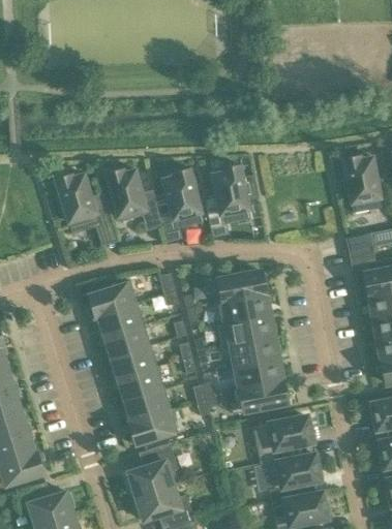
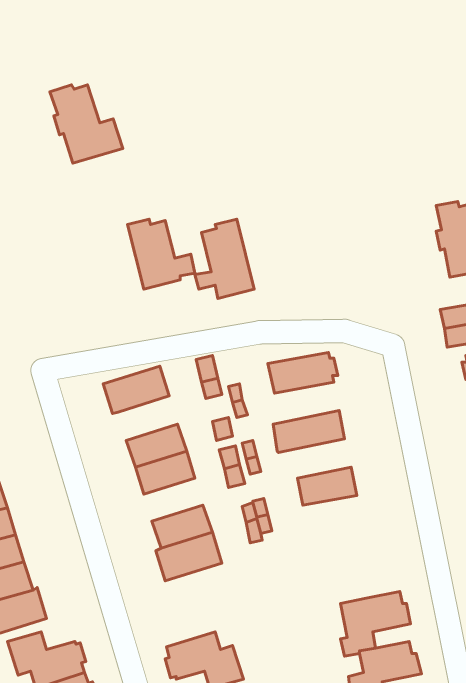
building: [207,164,250,224] -> none
building: [55,174,111,234] -> [50,85,123,163]
building: [219,293,269,324] -> none
building: [99,304,145,338] -> none
building: [219,337,278,367] -> none
building: [119,367,164,400] -> none
building: [231,380,289,413] -> none
building: [253,415,316,465] -> none
building: [126,443,179,496] -> none

